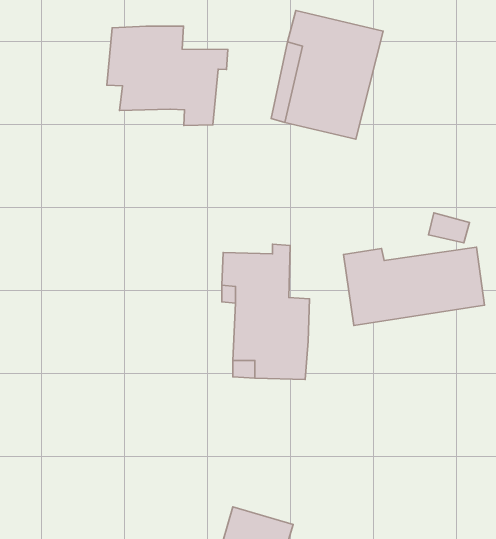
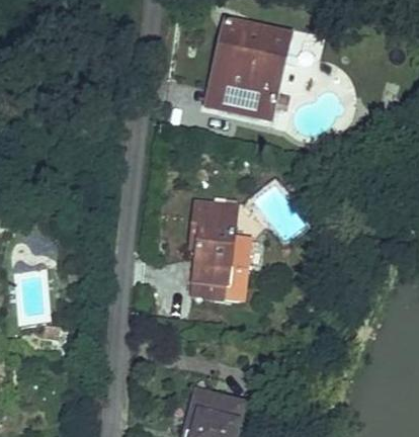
building: [107,26,228,125] -> none
building: [343,247,484,326] -> none

